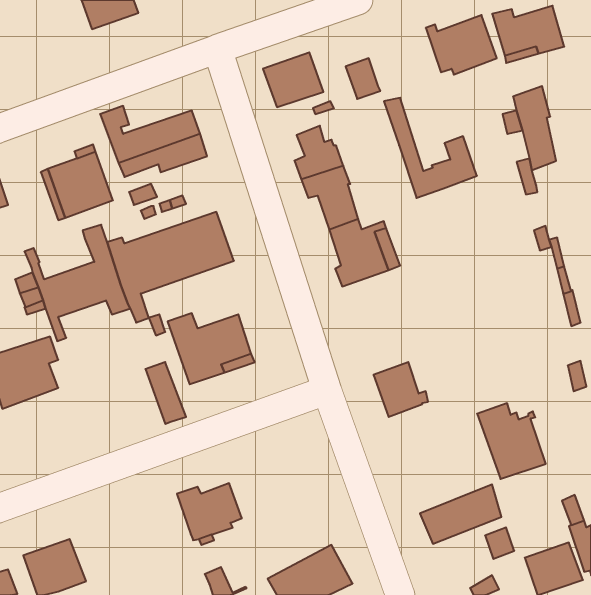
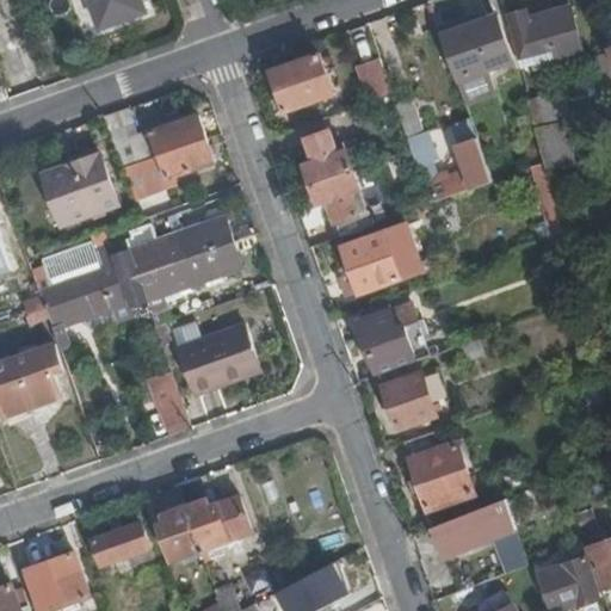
building: none -> [38,245,97,286]
building: none -> [357,303,413,375]
building: [477,403,546,479] -> [402,428,473,506]
building: none -> [155,501,197,560]
building: none -> [92,523,147,564]

